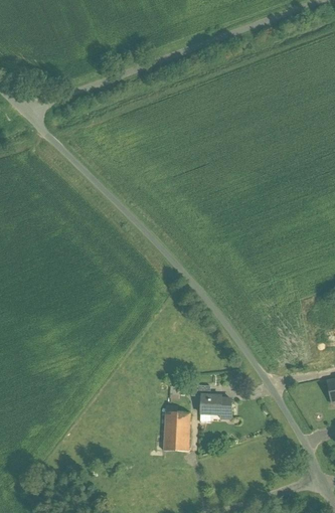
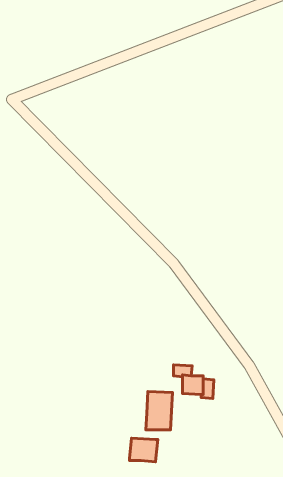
building: none -> [129,438,158,462]

